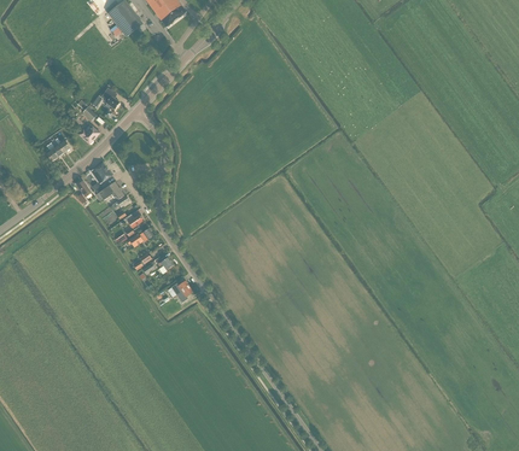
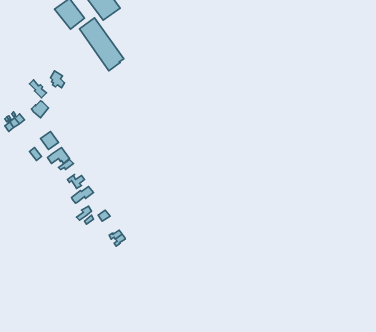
building: none -> [80,18,124,71]

